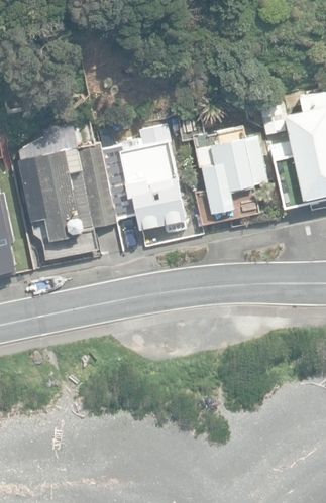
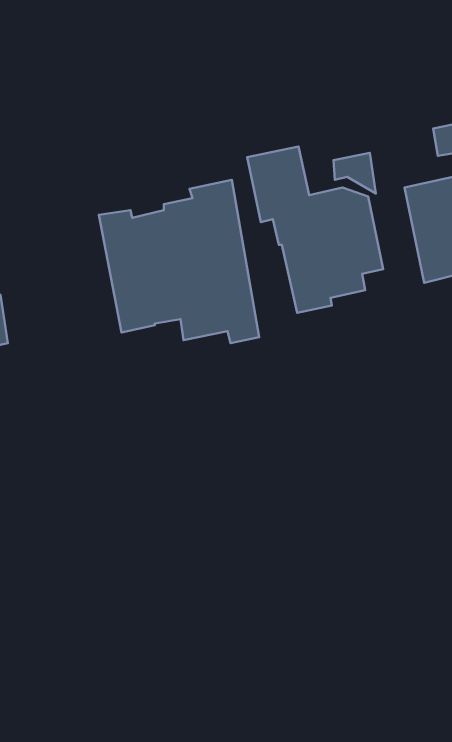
building: [19,126,82,241] -> none

